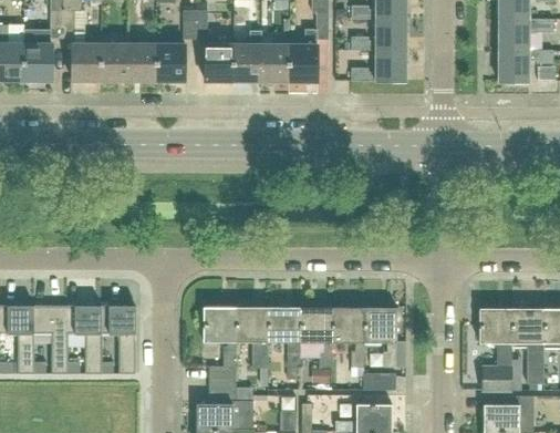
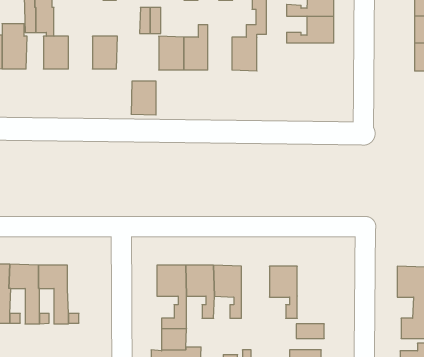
building: [101,43,128,81] -> none
building: [156,43,185,82] -> [131,81,156,115]
building: [261,44,289,82] -> none
building: [352,51,406,83] -> none
building: [100,306,135,373] -> none
building: [300,308,332,368] -> none
building: [364,308,397,368] -> none

